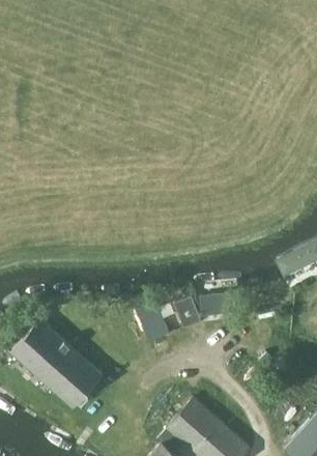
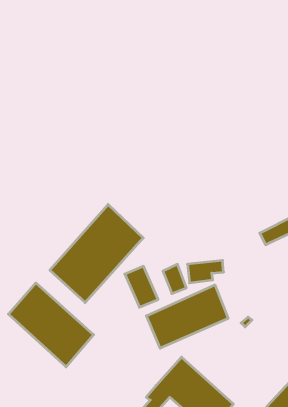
building: none -> [50,204,143,303]
building: none -> [146,285,228,348]

